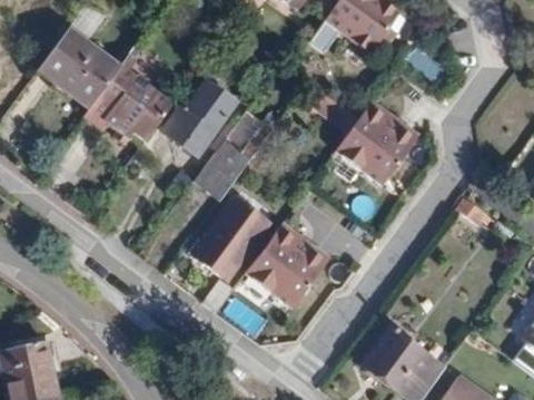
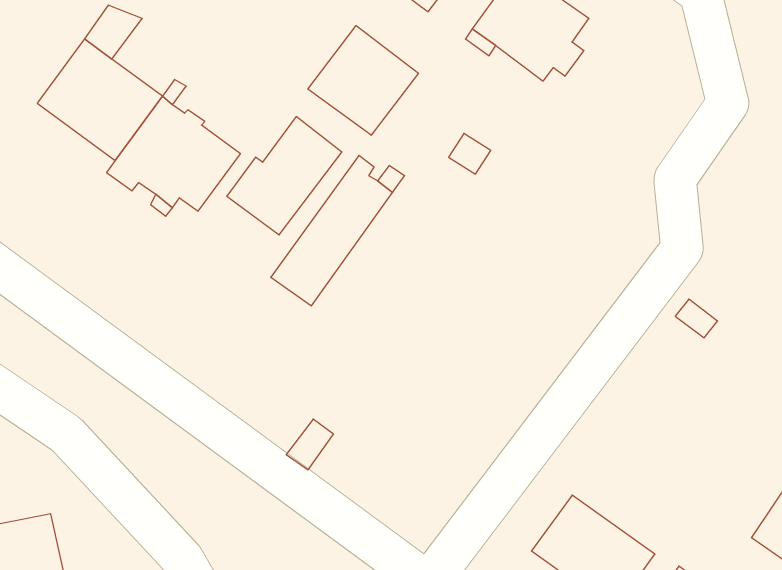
building: none -> [308,26,418,135]
building: [335,100,417,184] -> none
building: [196,198,269,279] -> none
building: [246,221,328,304] -> none

